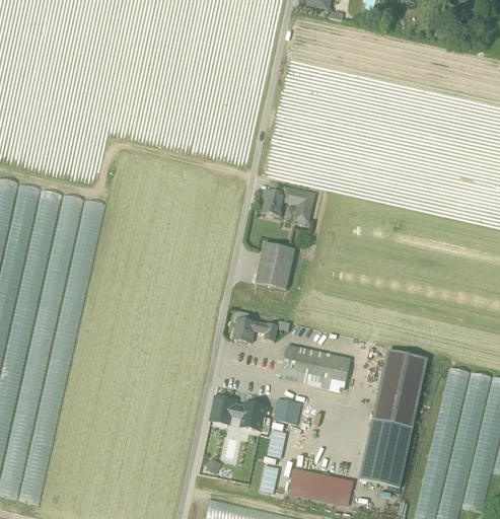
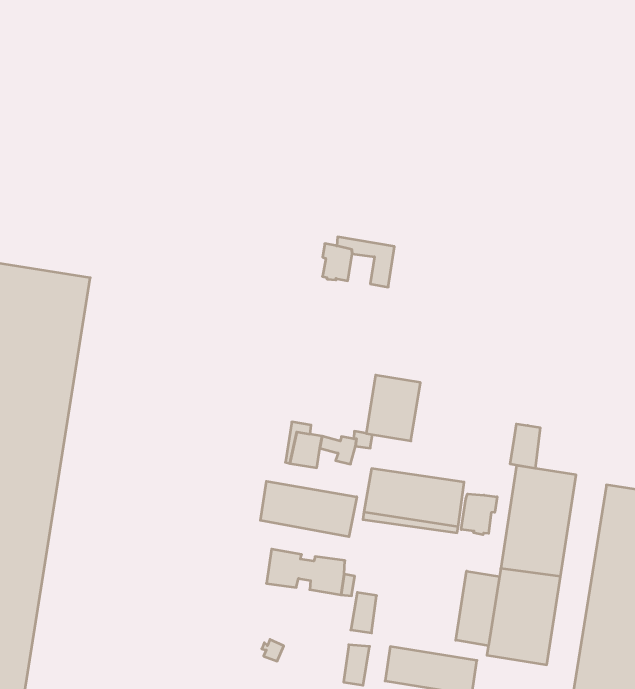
building: [256,242,295,289] -> [366,375,420,441]
building: none -> [510,424,540,468]
building: none -> [260,481,357,537]
building: none -> [461,494,497,535]
building: [275,399,301,425] -> none
building: none -> [456,571,499,646]

